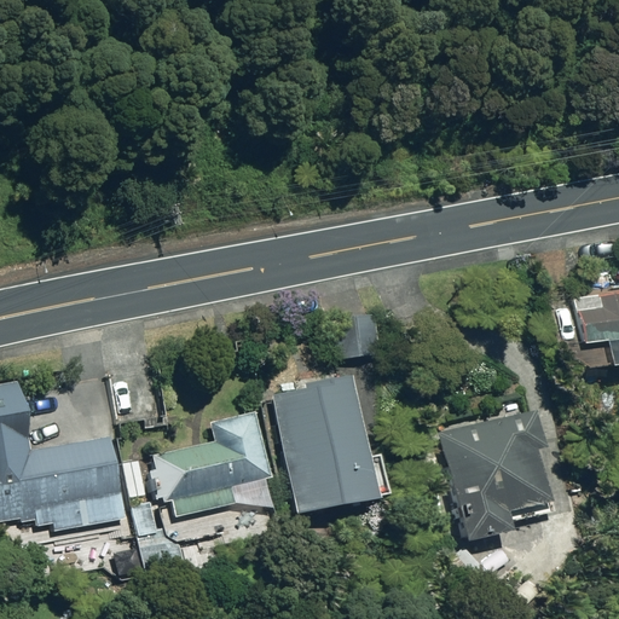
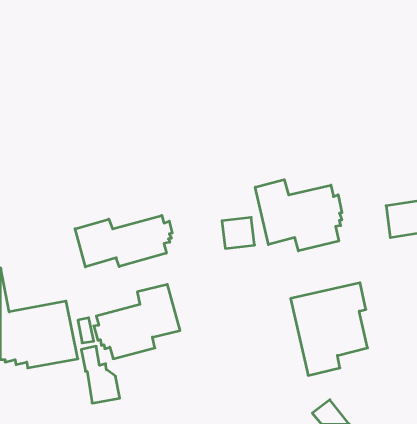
building: none -> [255,180,342,251]
building: none -> [75,215,172,267]
building: [276,376,387,513] -> none

